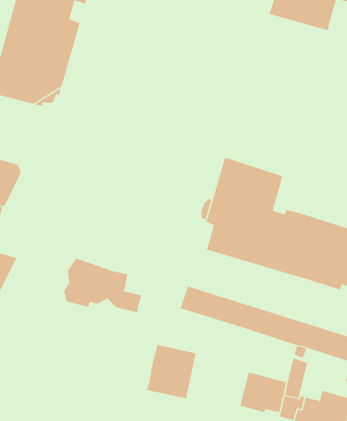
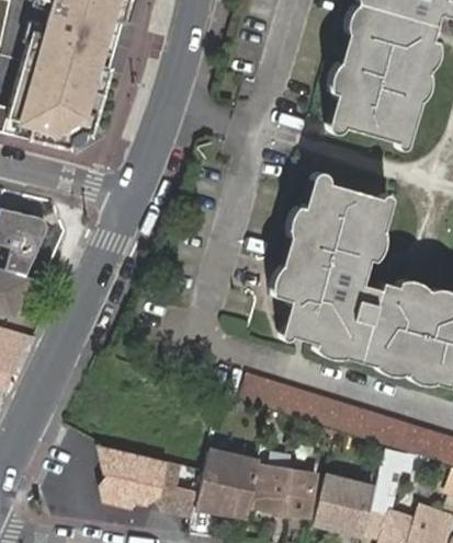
building: none -> [335,34,427,141]
building: none -> [297,180,382,236]
building: [63,258,142,313] -> [104,446,203,515]
building: none -> [260,464,320,516]

